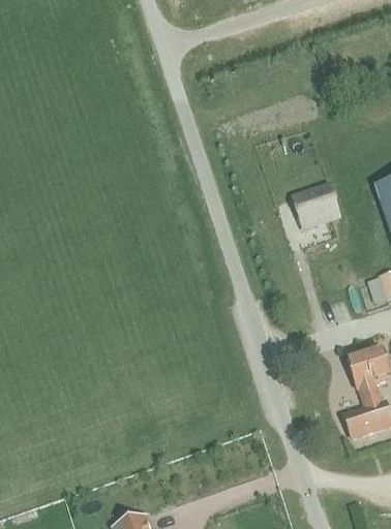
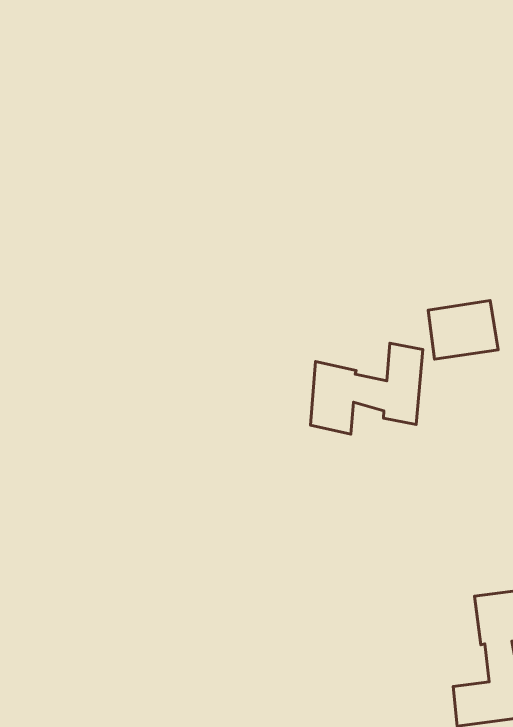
building: none -> [310,343,423,434]

